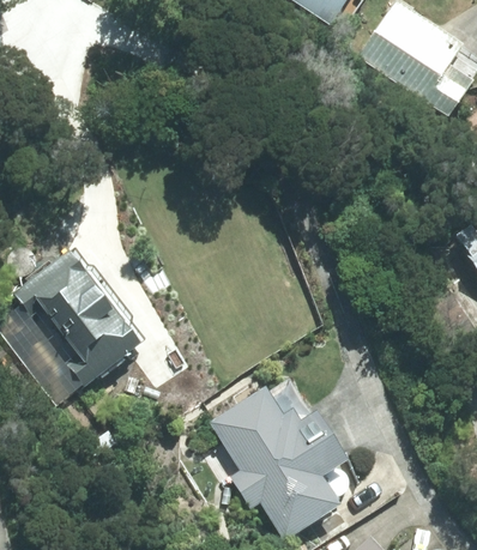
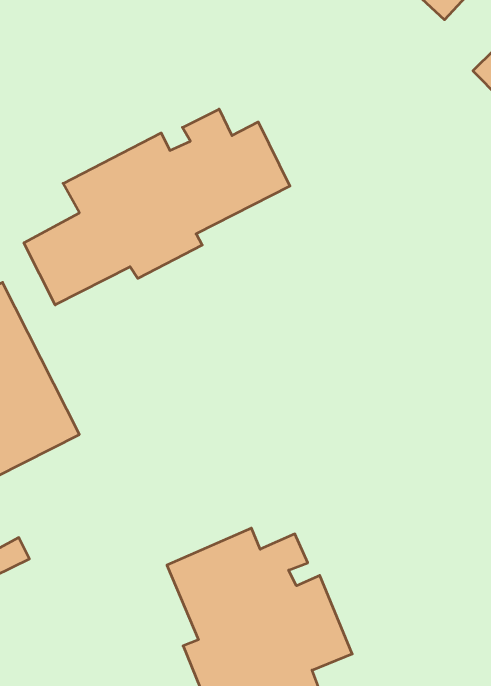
building: none -> [24,109,290,305]

